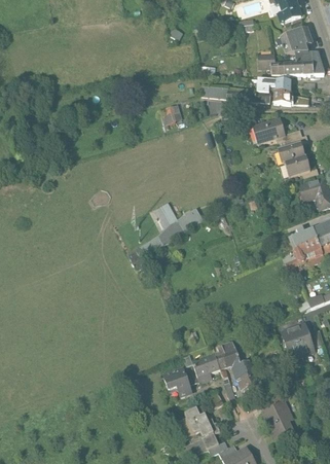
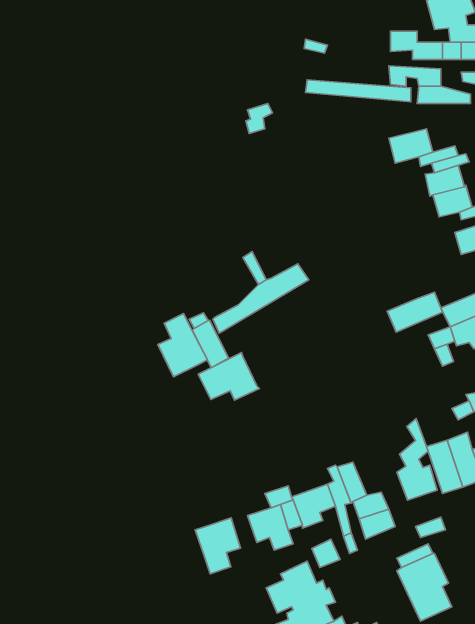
building: none -> [387,292,443,332]
building: none -> [158,313,207,377]
building: none -> [198,353,259,400]
building: none -> [397,418,437,500]
building: none -> [195,518,241,574]

